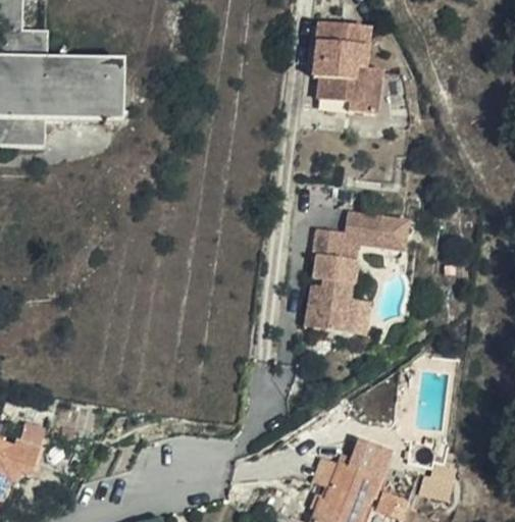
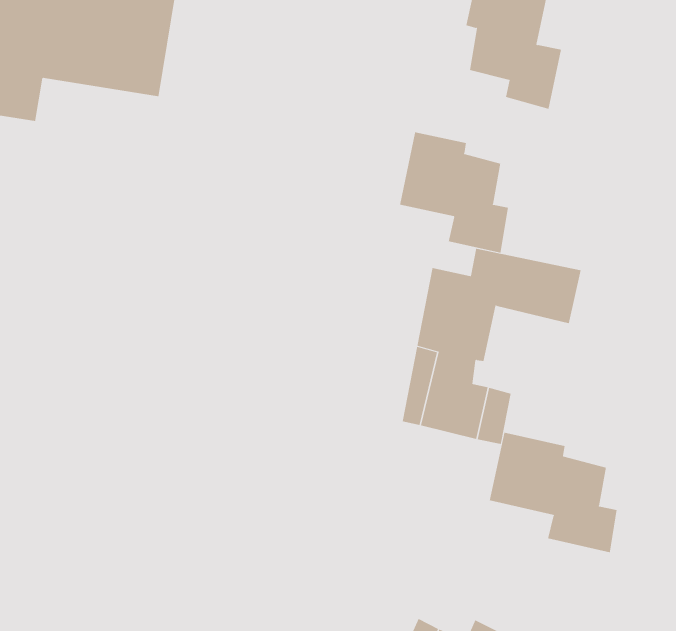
building: none -> [400,131,508,253]
building: none -> [489,432,617,553]

